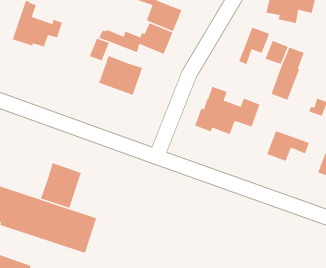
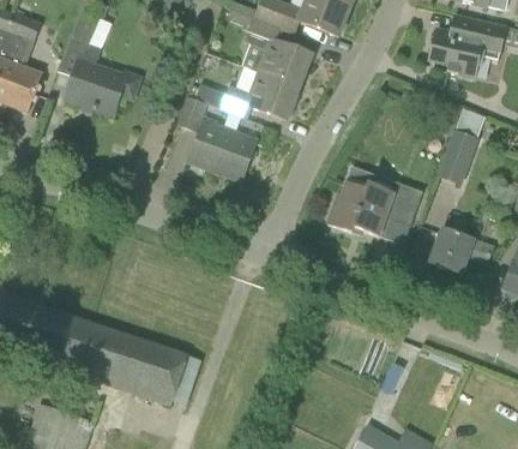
building: [238,27,270,65] -> none
building: [40,162,82,209] -> none

